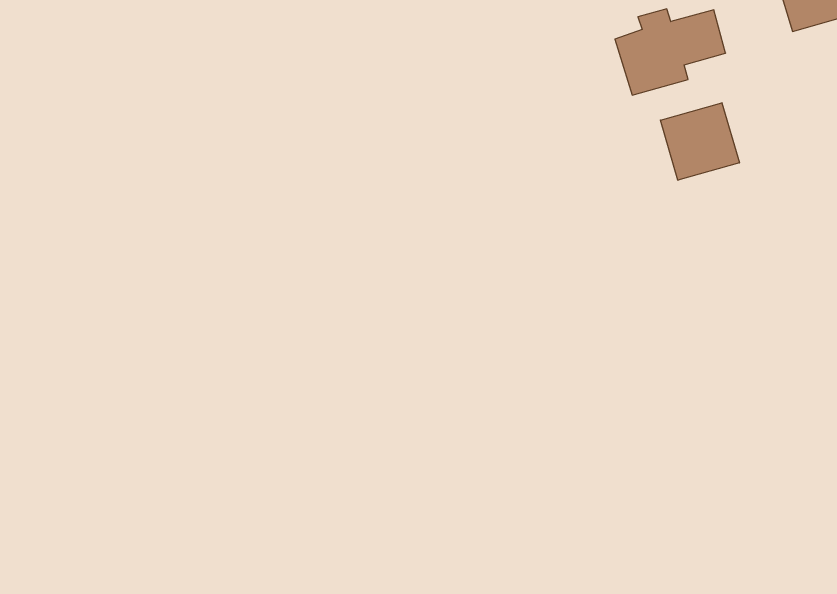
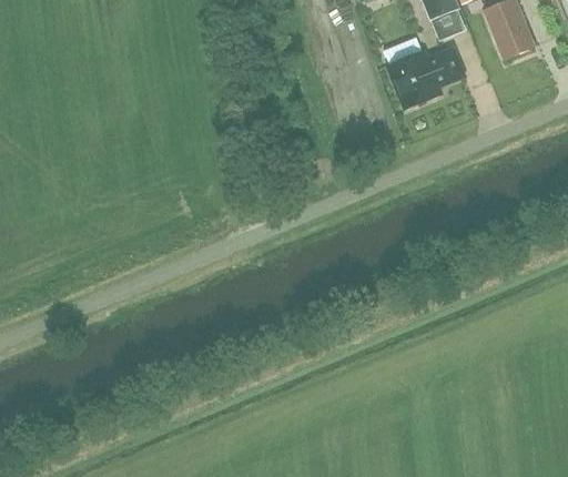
building: [660,103,739,180] -> none

